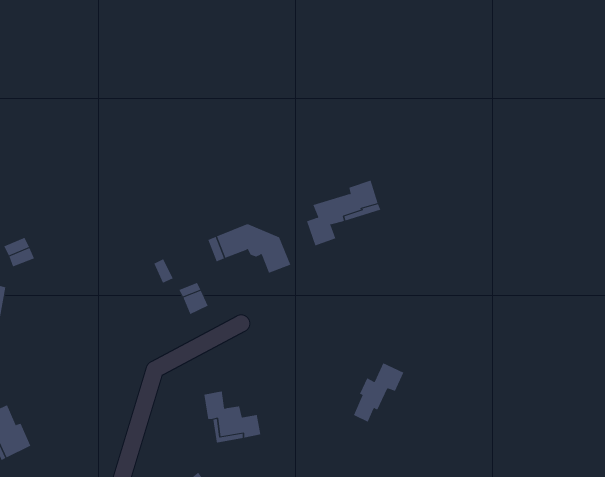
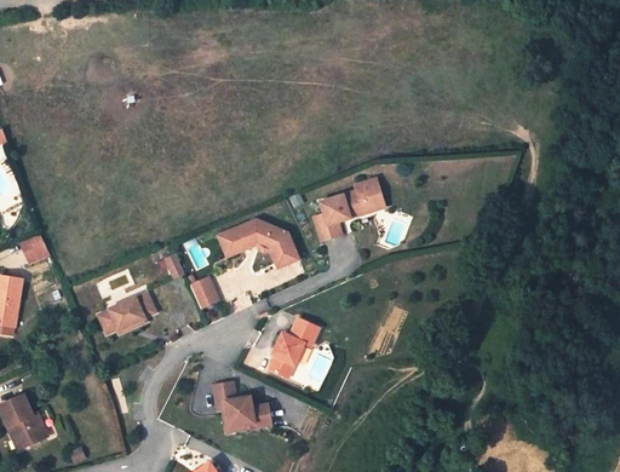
building: none -> [98,292,155,332]
building: [353,363,404,423] -> [269,317,318,375]

